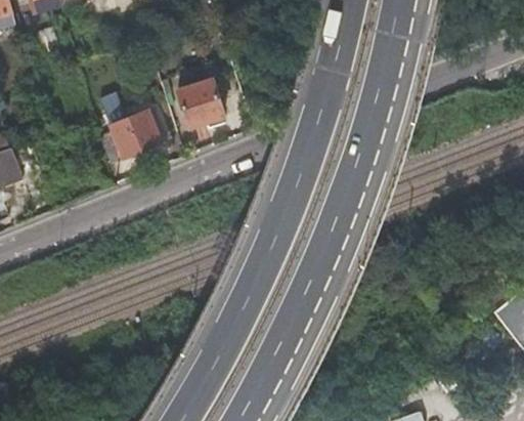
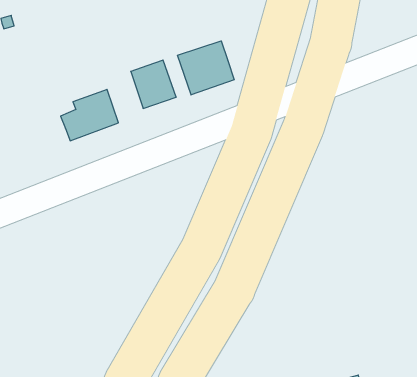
building: none -> [178,41,234,95]

